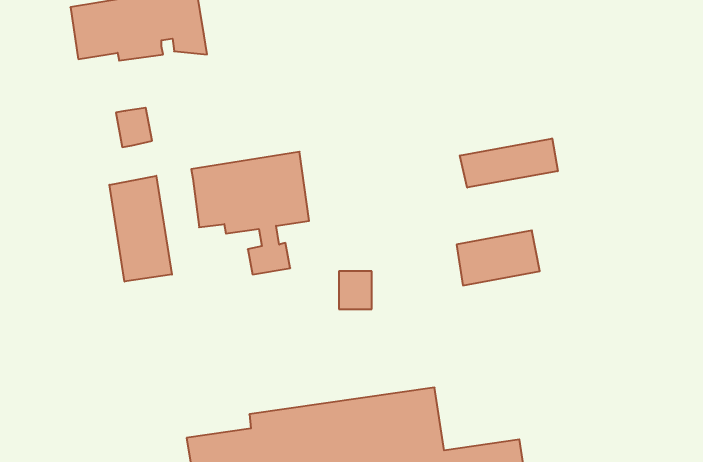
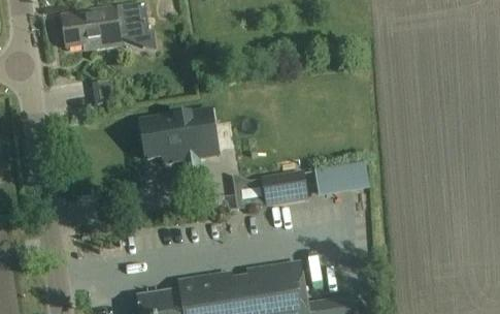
building: [460,138,558,188] -> none
building: [109,176,172,282] -> none
building: none -> [261,171,307,203]

